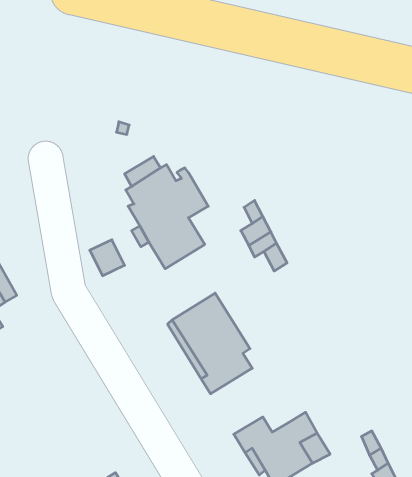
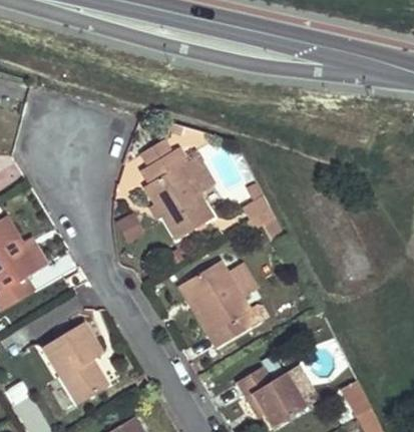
building: none -> [40,321,108,405]

